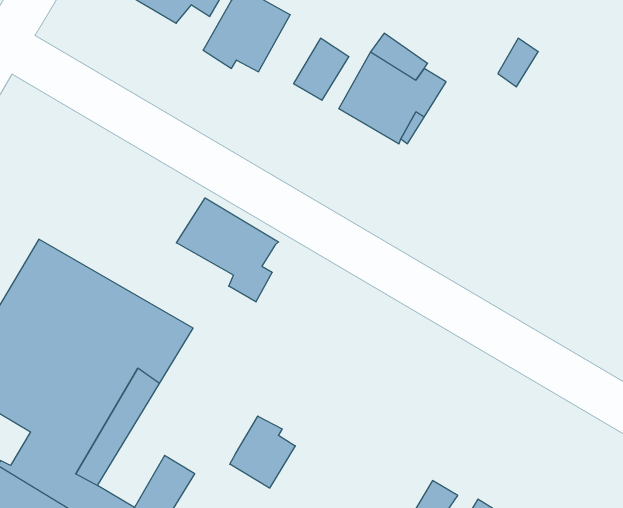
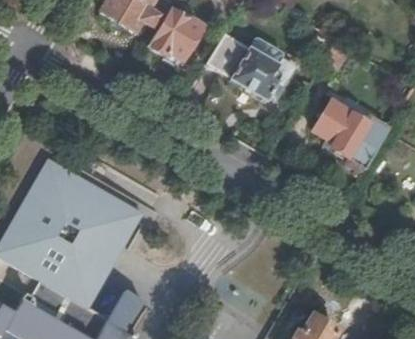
building: none -> [312,101,389,170]
building: [176,198,279,302] -> none
building: [230,416,295,488] -> none

